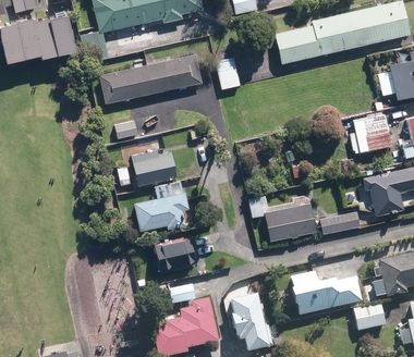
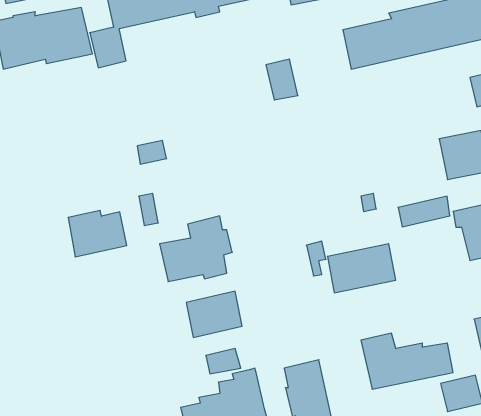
building: [98,52,202,102] -> none
building: [132,148,178,184] -> [68,211,127,257]
building: [318,213,358,237] -> [398,196,450,227]

